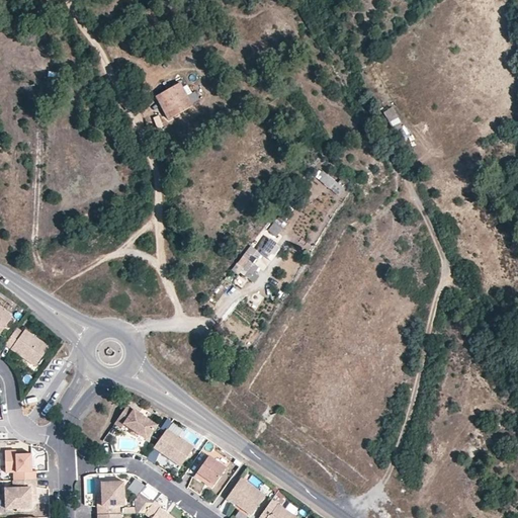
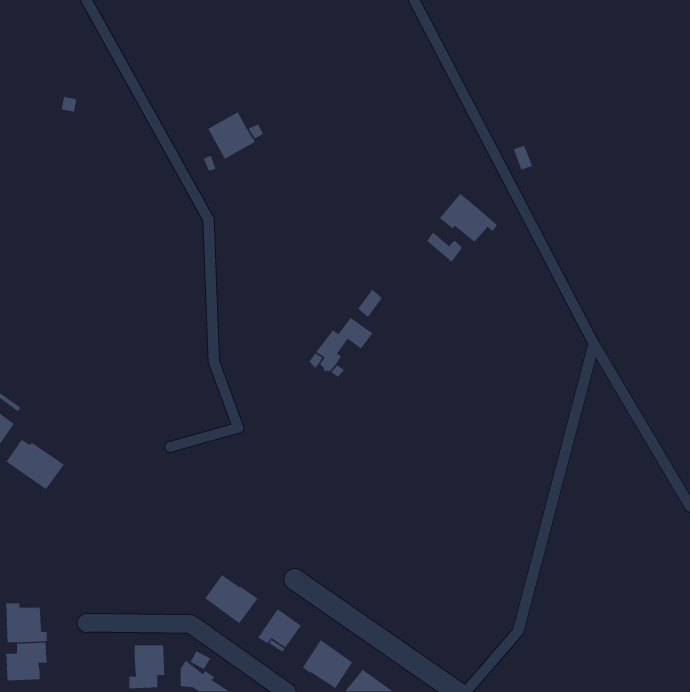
building: none -> [439,193,498,243]
building: [113,406,155,439] -> none

